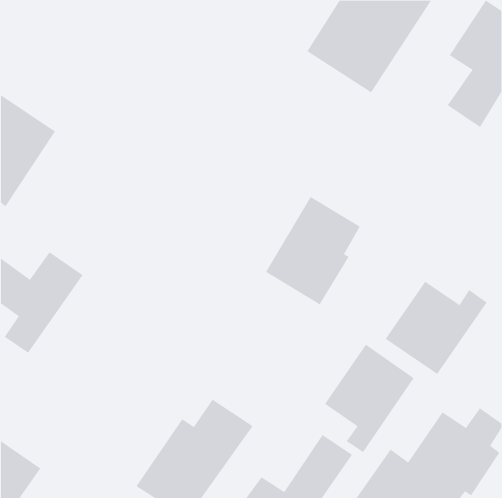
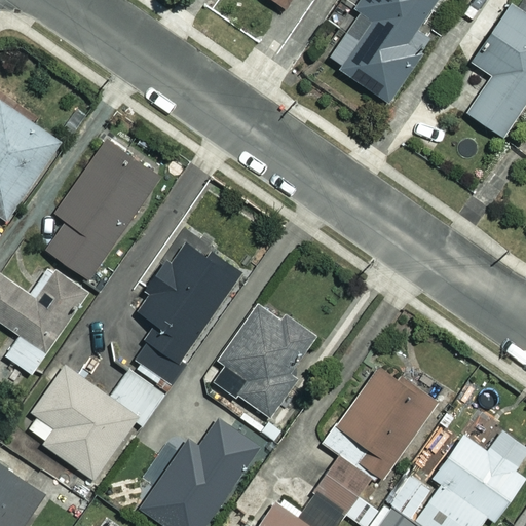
building: none -> [44,141,159,279]
building: [265,196,360,305] -> [212,303,311,417]
building: none -> [130,240,237,384]
building: [385,281,487,375] -> none
building: none -> [21,366,163,480]

